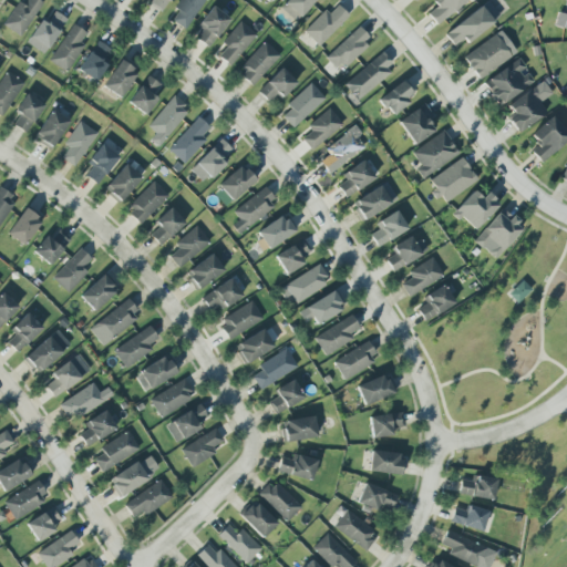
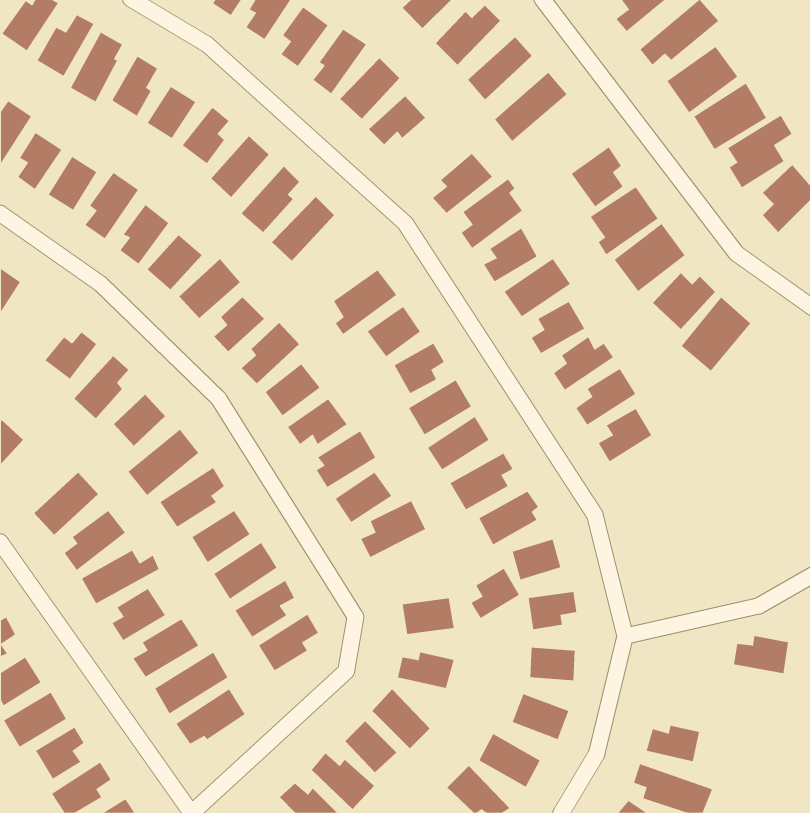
building: [381,79,416,113] -> none
building: [285,81,327,126] -> none
building: [219,165,257,199] -> none
building: [9,207,42,244] -> none
building: [9,311,44,351] -> none
building: [271,378,306,413] -> [471,568,520,619]
building: [460,473,498,499] -> [733,636,789,674]

